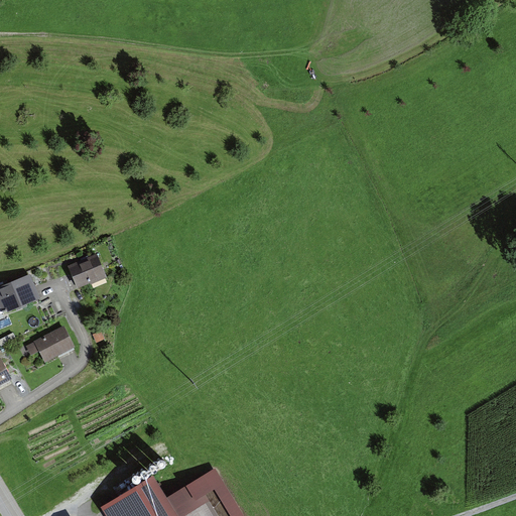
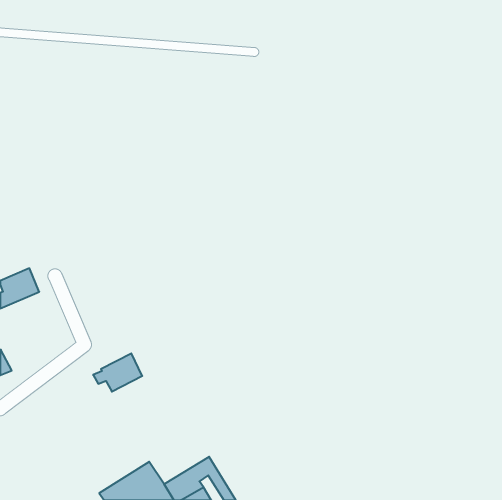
building: [66,255,103,289] -> none
building: [24,328,75,367] -> [93,353,142,392]

